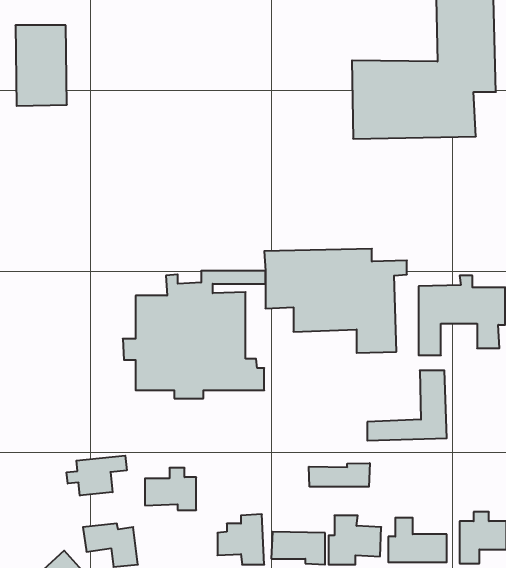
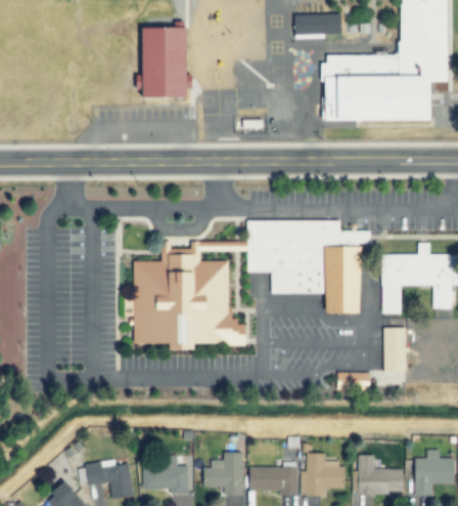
building: none -> [296,13,344,39]
building: [15,25,67,106] -> [146,27,191,97]
building: [67,456,127,496] -> none
building: [309,463,370,487] -> none
building: [145,468,196,510] -> [143,457,188,494]

